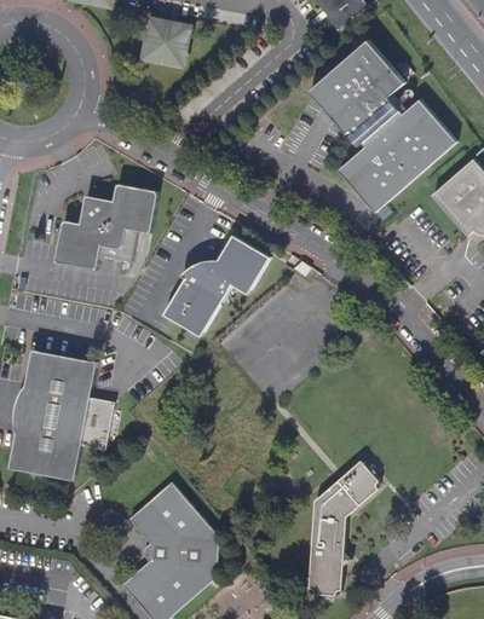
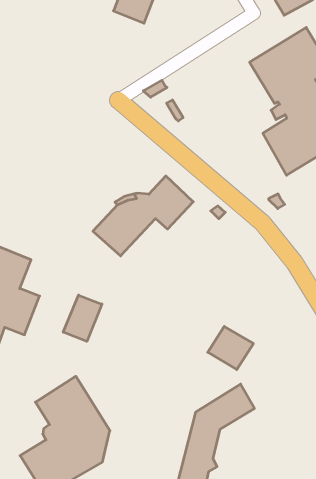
building: [53,181,159,268] -> none
building: none -> [63,295,102,341]
building: none -> [208,326,253,370]

